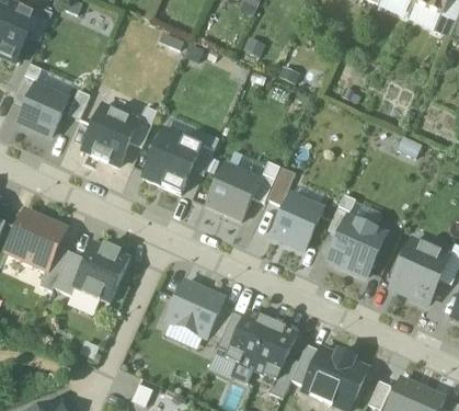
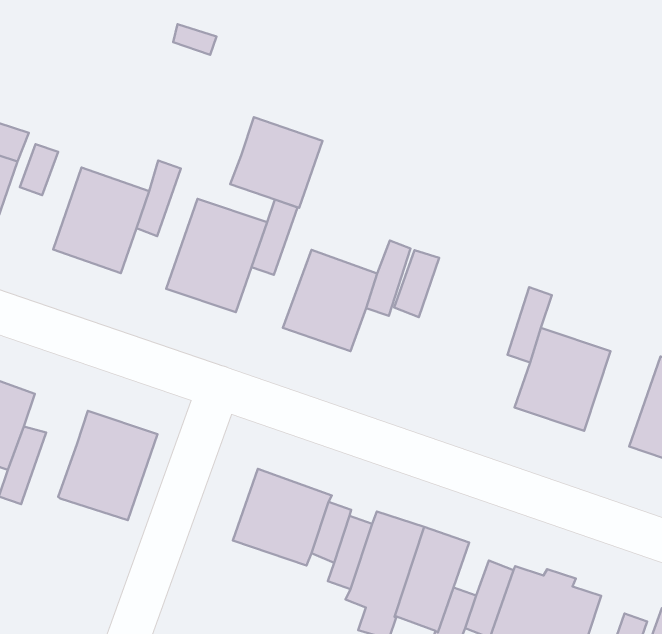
building: none -> [230,117,323,208]
building: [272,193,322,248] -> none
building: [53,249,85,293] -> none

